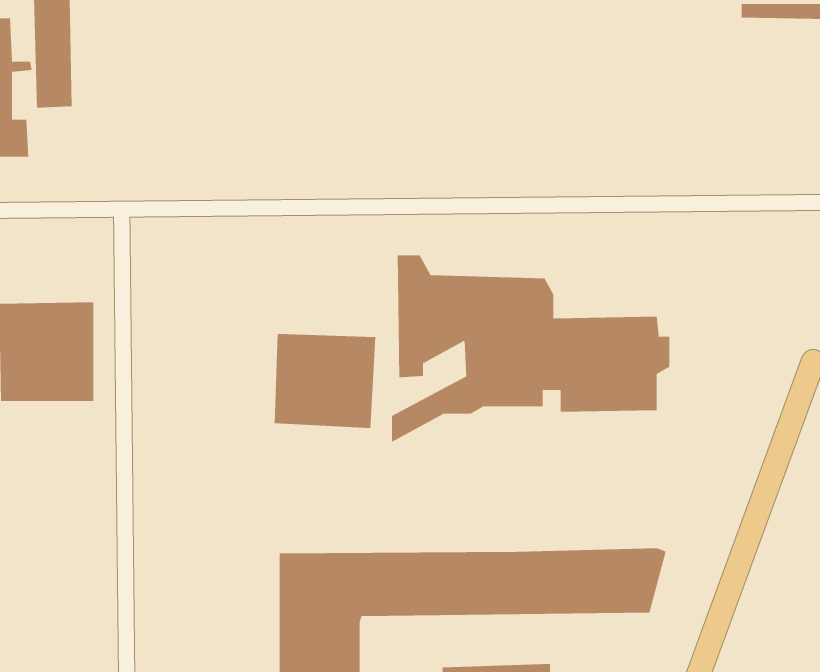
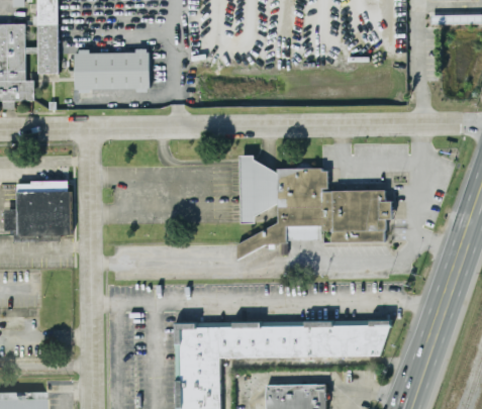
building: none -> [74,50,150,94]
building: [274,333,376,429] -> none

